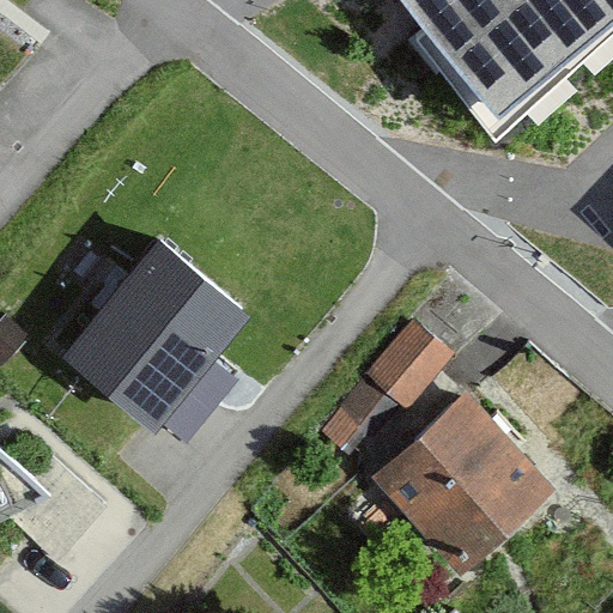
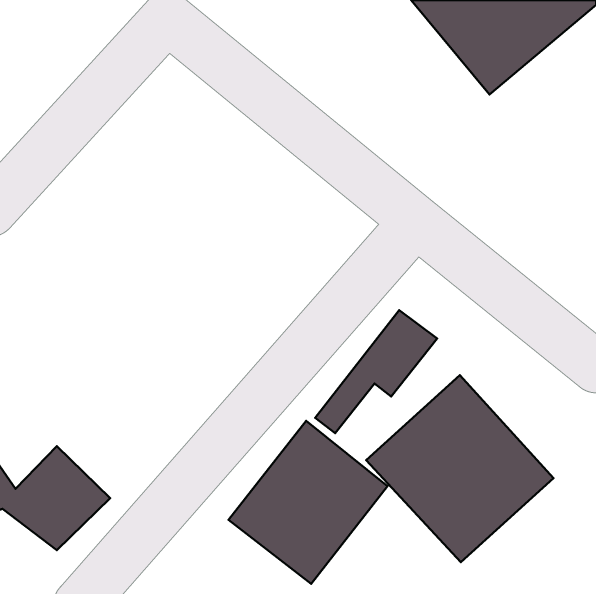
building: [69,241,248,425] -> none
building: none -> [229,421,387,584]

